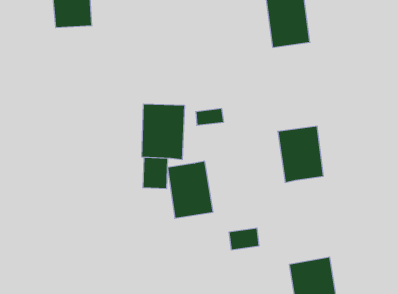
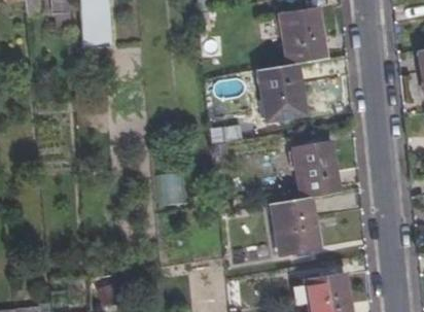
building: none -> [259,64,305,120]
building: [142,104,184,160] -> none
building: [167,161,213,218] -> [274,197,319,253]

